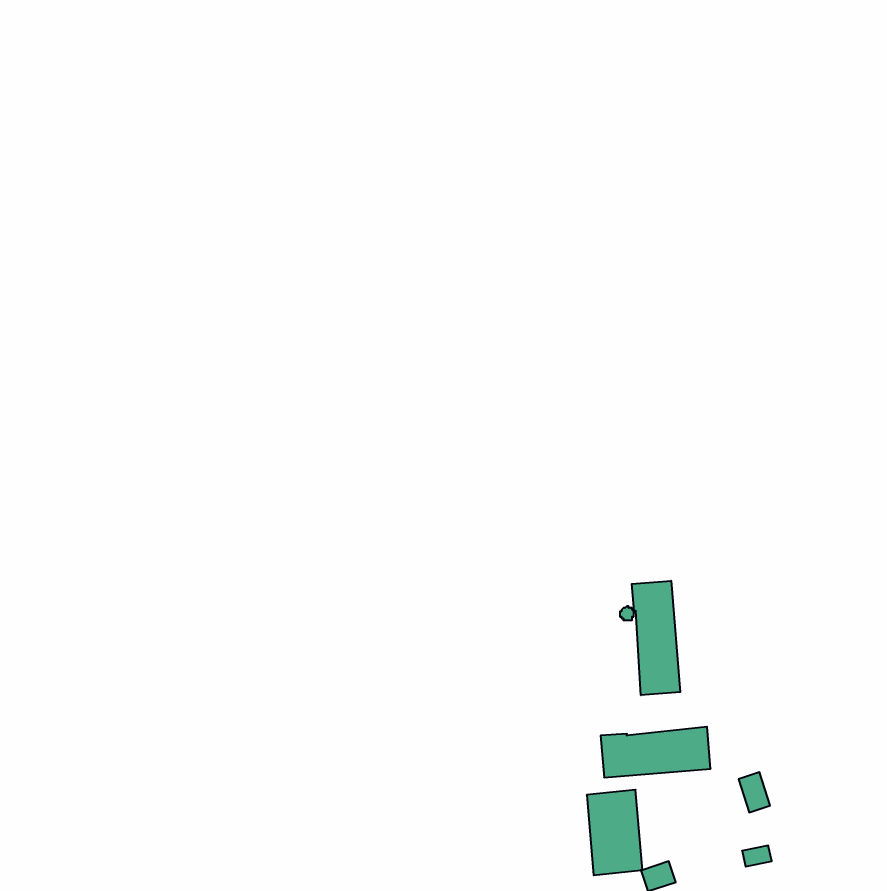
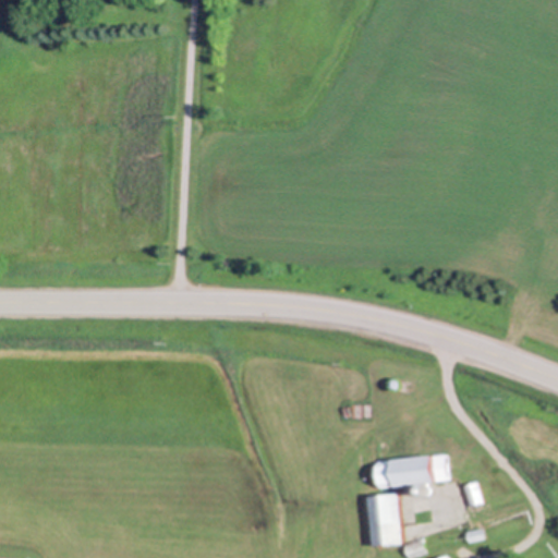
building: [632,581,680,695] -> none

